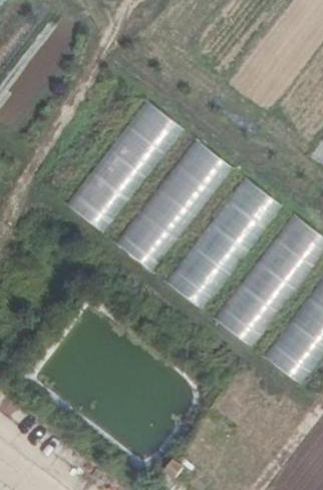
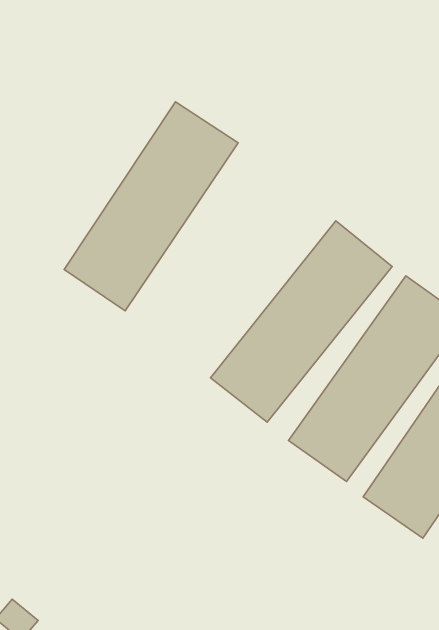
building: [118,136,228,273] -> none

